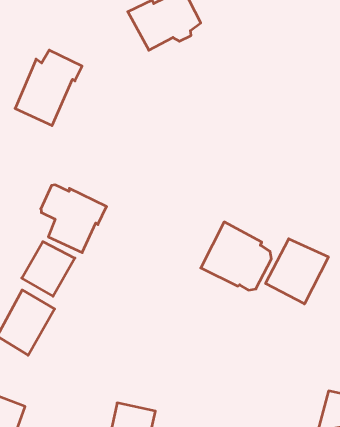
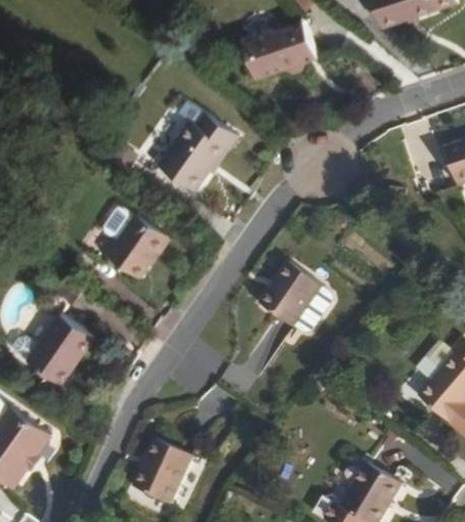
building: [15,50,82,126] -> [150,119,227,199]
building: [266,239,328,304] -> none
building: [22,242,75,296] -> none

